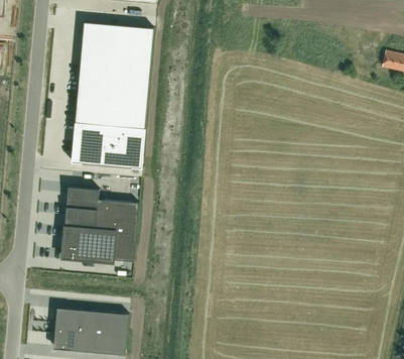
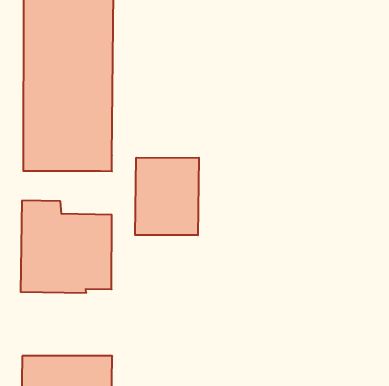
building: none -> [135,158,199,235]

